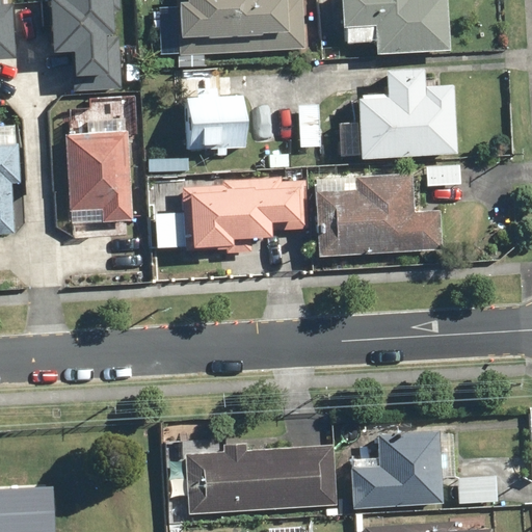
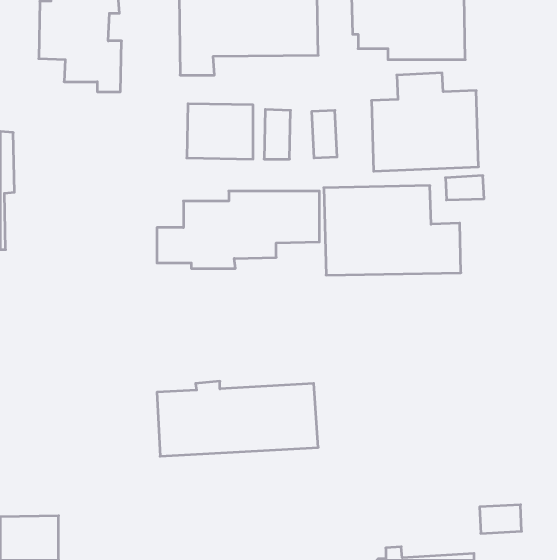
building: [66,90,140,222] -> none
building: [348,429,442,508] -> none
building: [186,442,338,512] -> [157,381,318,456]

